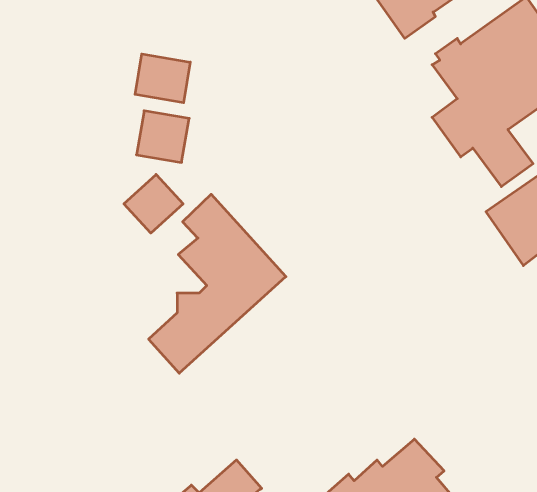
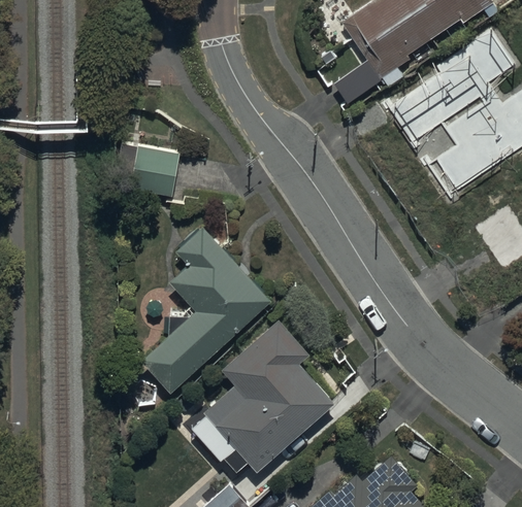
building: [135,54,190,103] -> none
building: [124,174,183,233] -> none
building: none -> [204,319,334,473]

